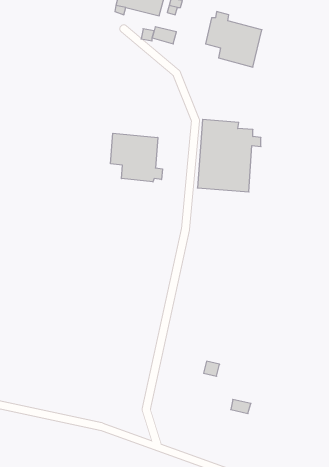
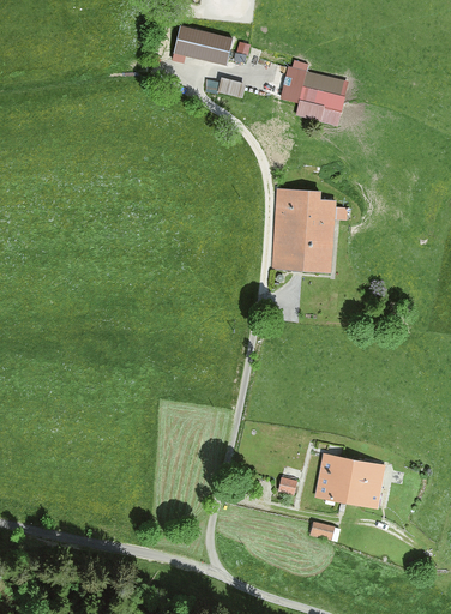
building: [111,133,162,182] -> none
building: none -> [315,453,384,507]

